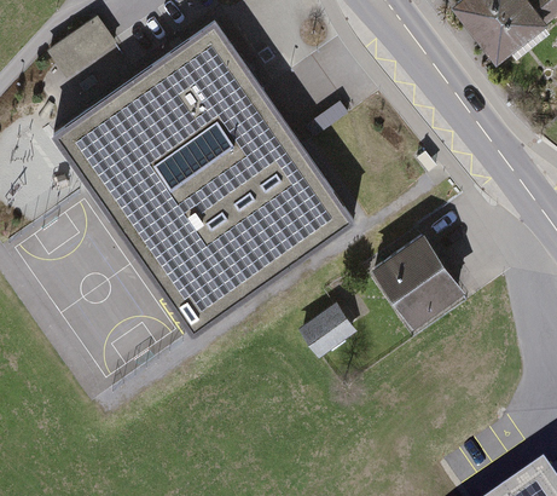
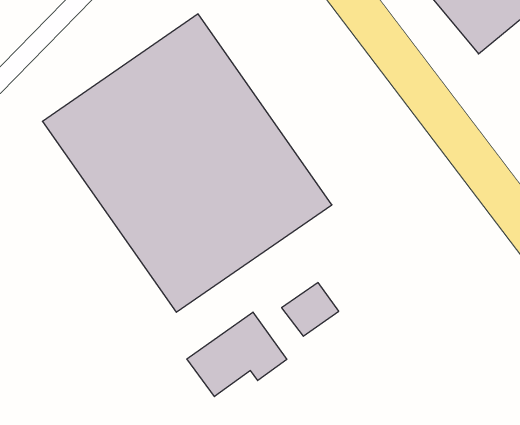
building: [379,227,472,323] -> none
building: none -> [187,312,287,397]

